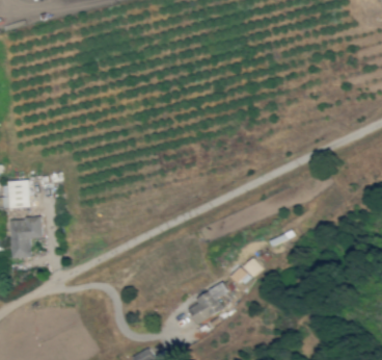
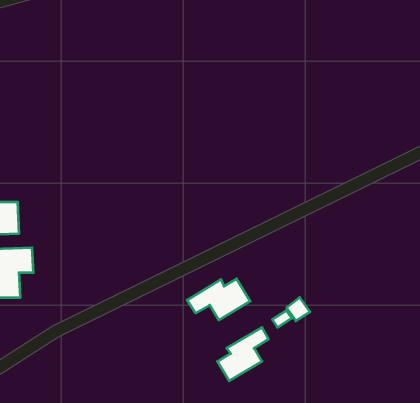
building: none -> [187,279,250,320]

